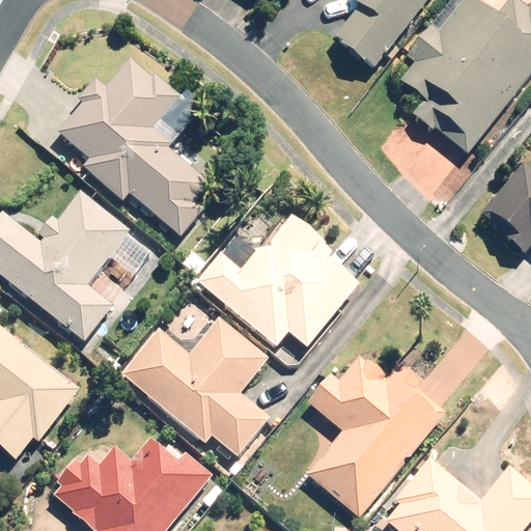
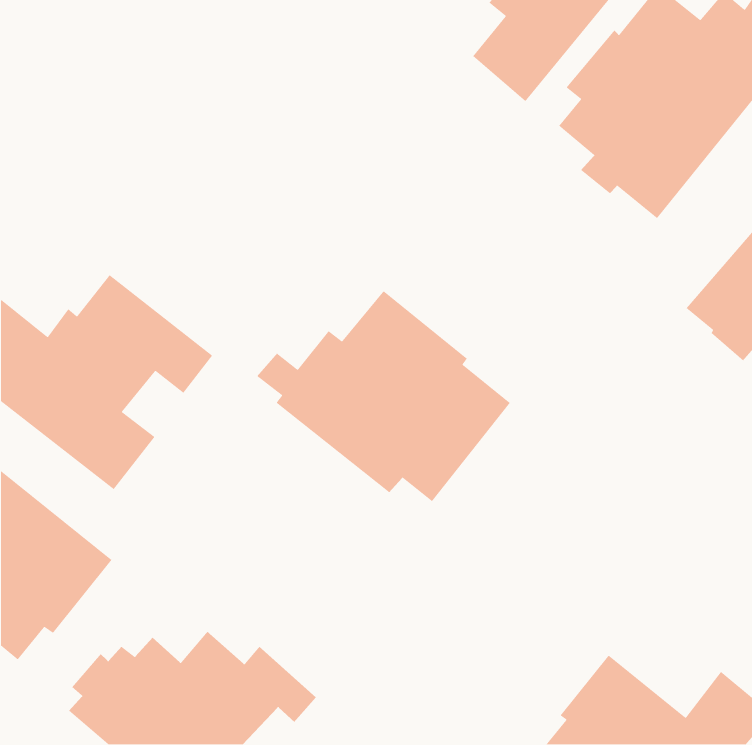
building: [56,58,219,234] -> none
building: [120,317,272,459] -> none
building: [308,358,443,514] -> none

